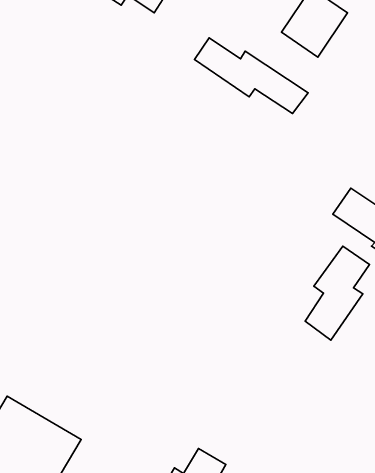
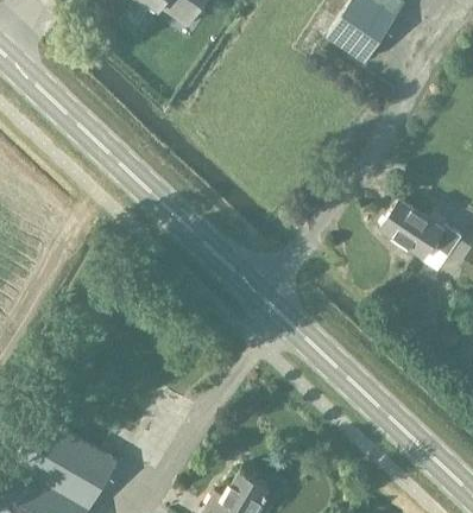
building: [195,38,308,113] -> none
building: [305,246,370,340] -> none

